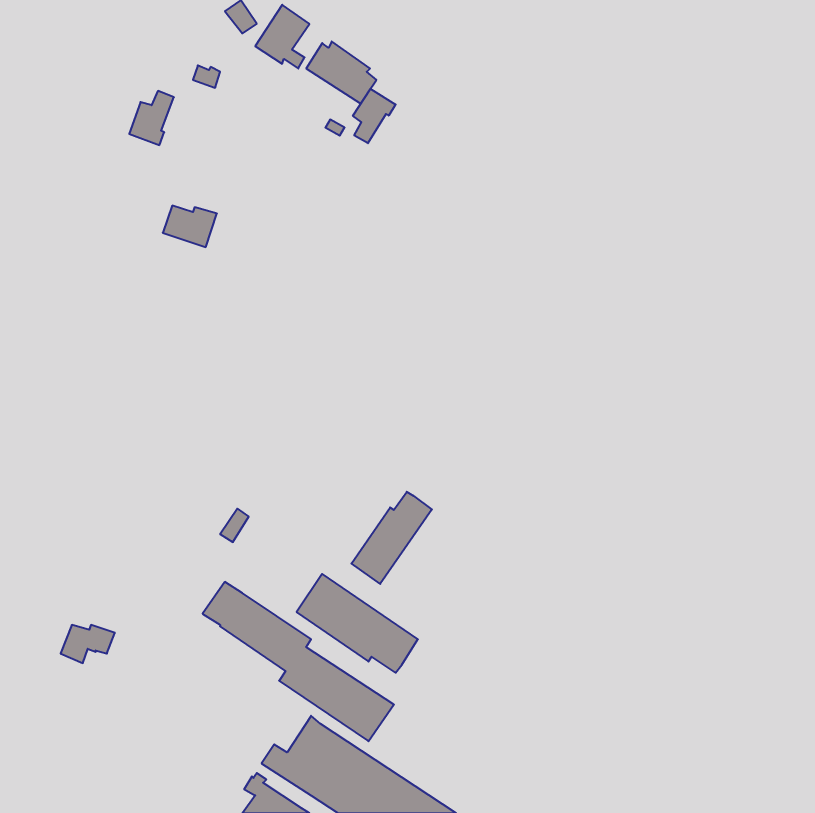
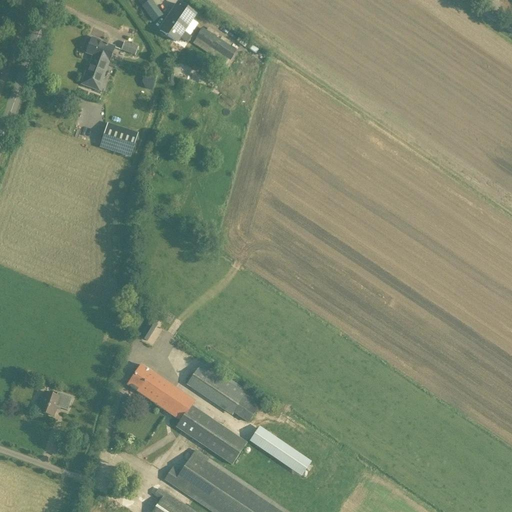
building: none -> [86,37,114,61]
building: [353,89,396,143] -> none
building: [351,492,432,584] -> none
building: none -> [250,429,312,479]

